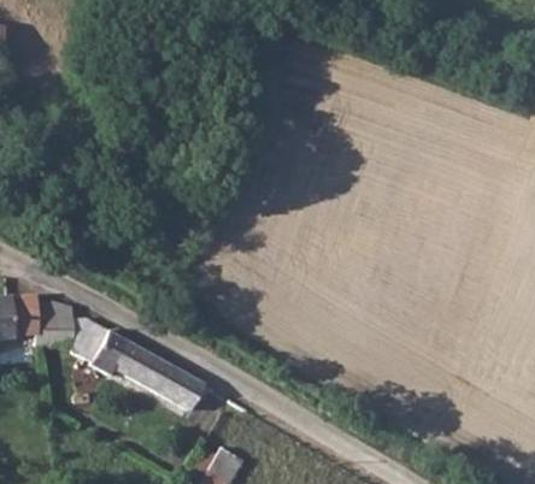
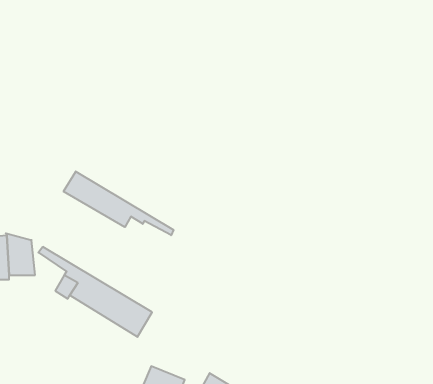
building: none -> [64,171,173,235]

